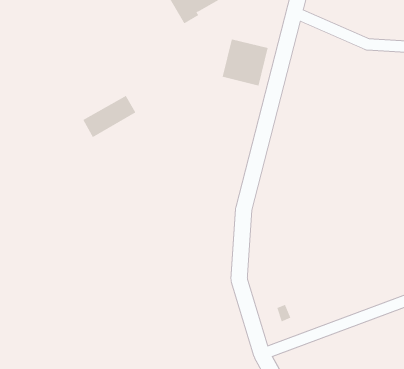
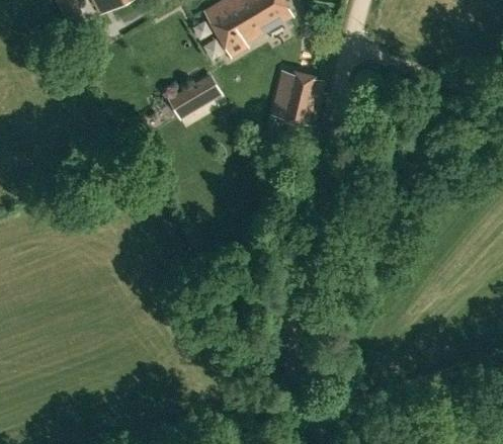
building: [83,95,136,138] -> [161,73,221,120]

